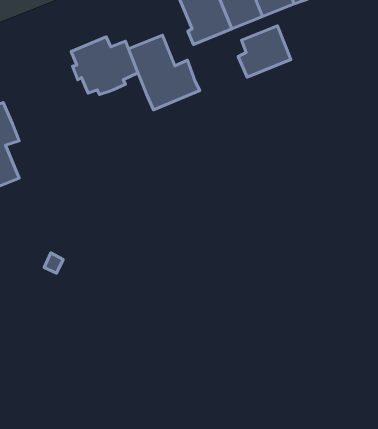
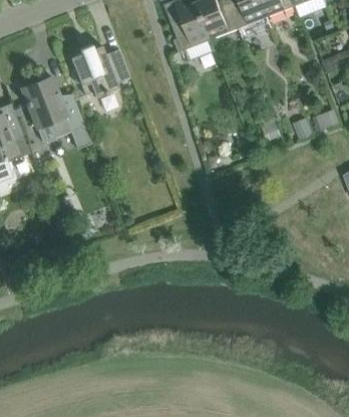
building: [238,26,291,77] -> none
building: [129,35,200,110] -> [21,76,84,143]

